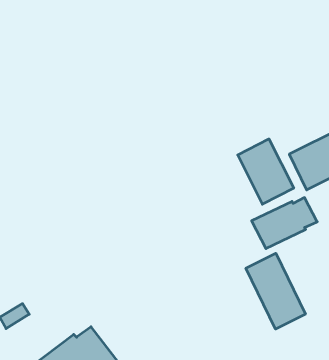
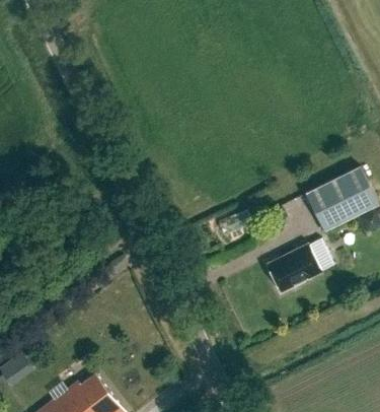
building: [238,139,294,204] -> none
building: [246,253,305,329] -> none

